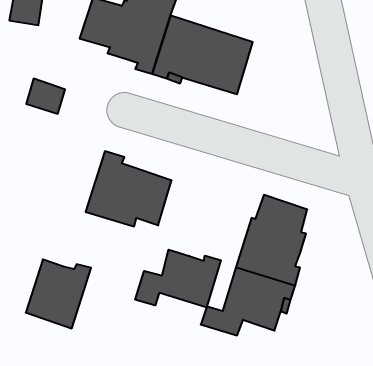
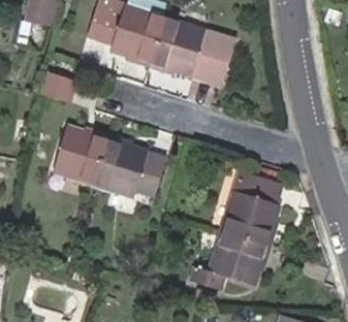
building: [135,250,221,307] -> none
building: [26,259,91,328] -> [53,126,108,185]

